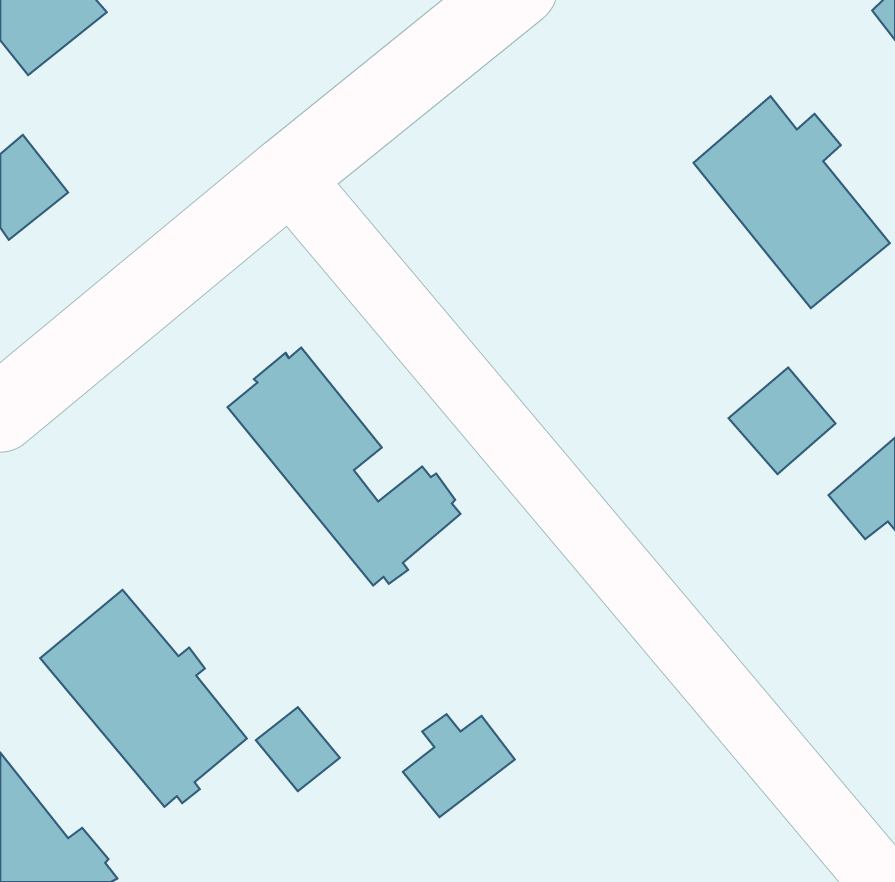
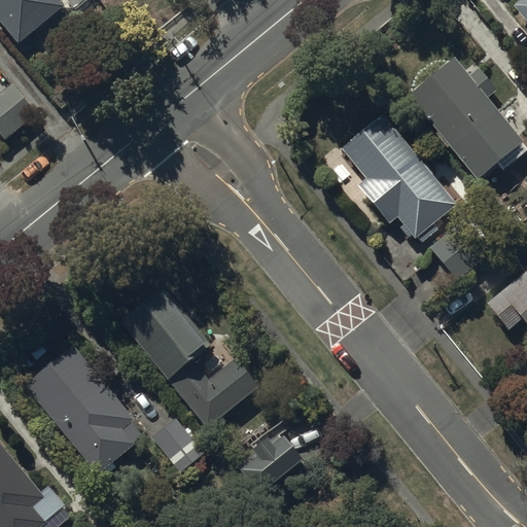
building: none -> [341,114,461,241]
building: [228,348,461,586] -> [120,288,257,428]

